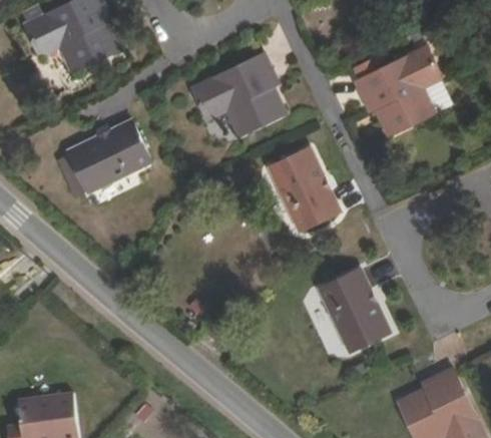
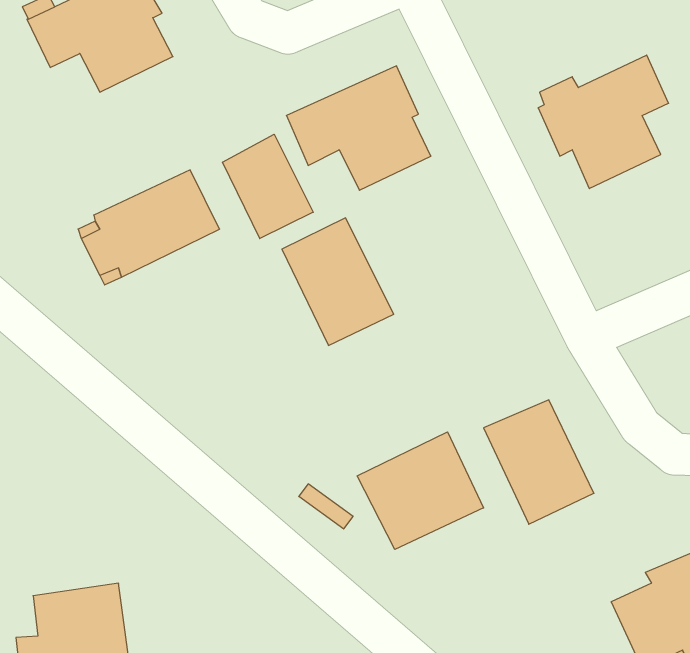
building: none -> [223,134,313,239]
building: [267,147,339,230] -> [282,218,394,345]
building: none -> [357,432,484,549]

